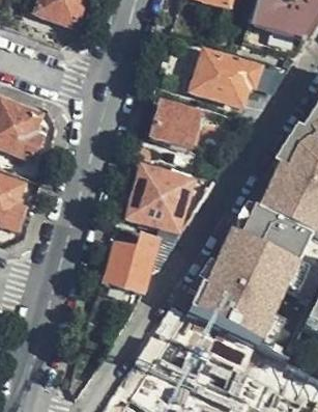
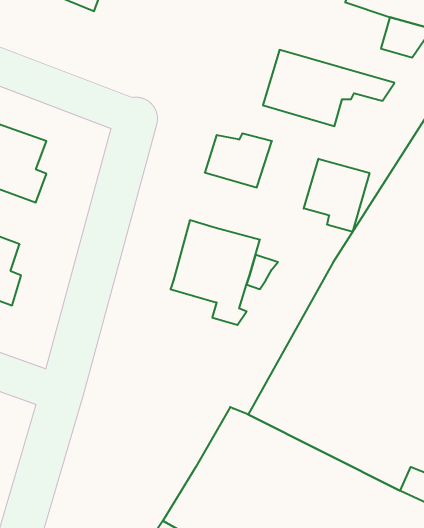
building: none -> [304,159,369,232]
building: [108,236,175,294] -> none

